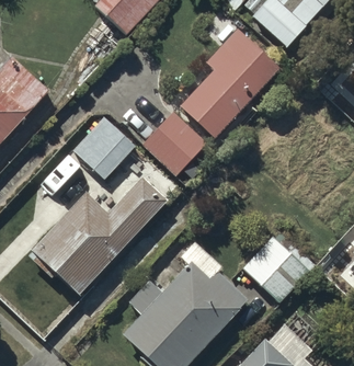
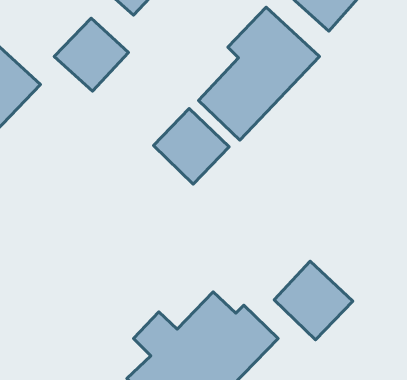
building: [73,118,135,179] -> [54,18,128,91]
building: [32,178,168,295] -> none

